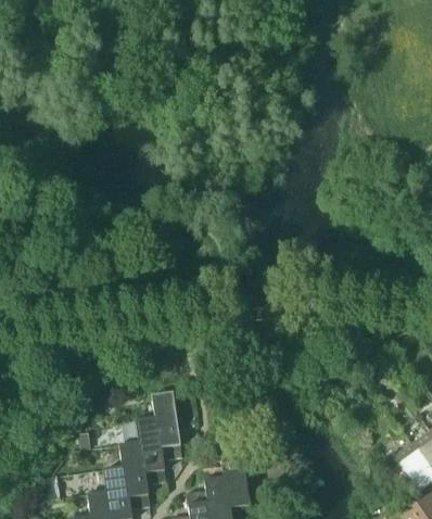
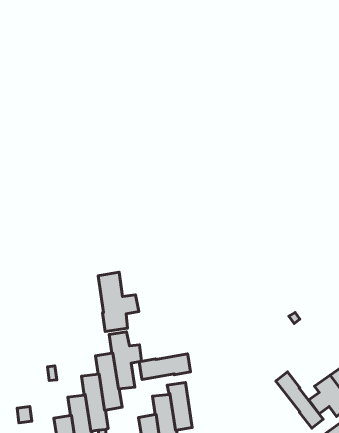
building: none -> [98,272,139,331]
building: none -> [139,354,191,380]
building: none -> [276,372,323,428]

